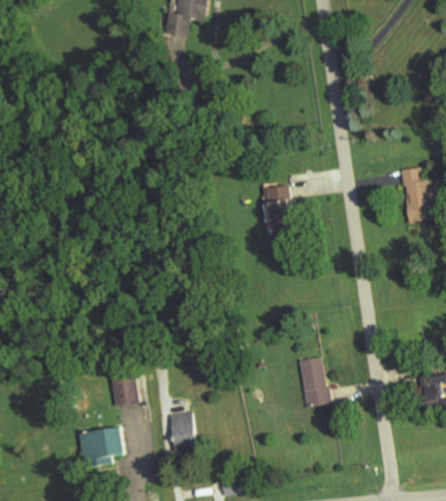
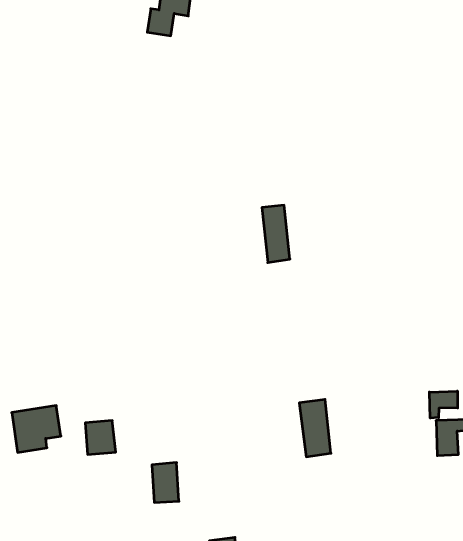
building: [401,166,437,221] -> none
building: none -> [429,391,458,418]
building: [79,427,123,468] -> [12,406,61,452]

